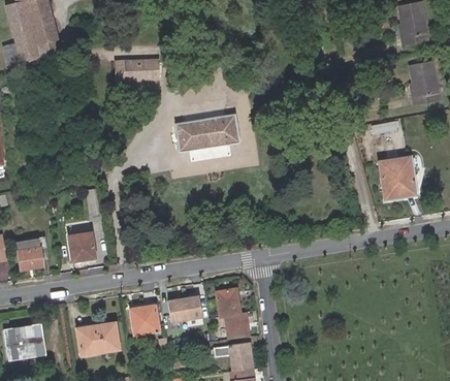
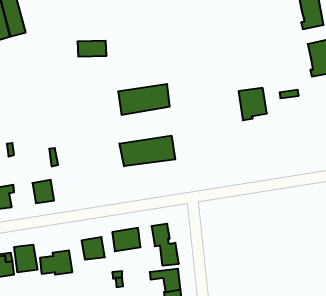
building: [379,158,414,198] -> [239,88,267,120]
building: none -> [120,136,175,166]
building: none -> [14,245,37,272]

